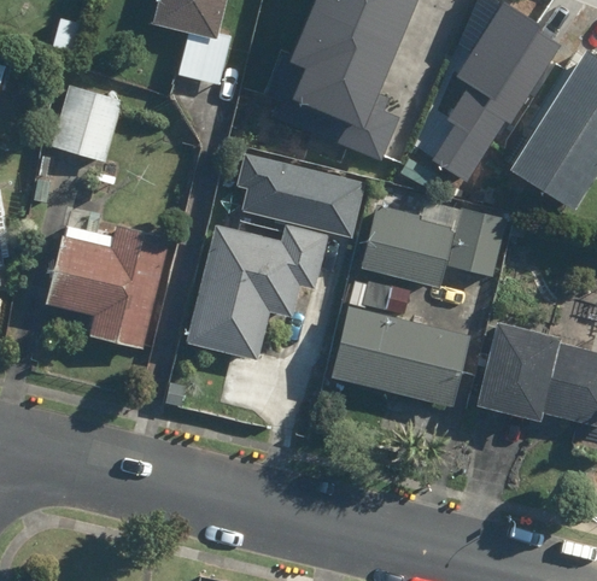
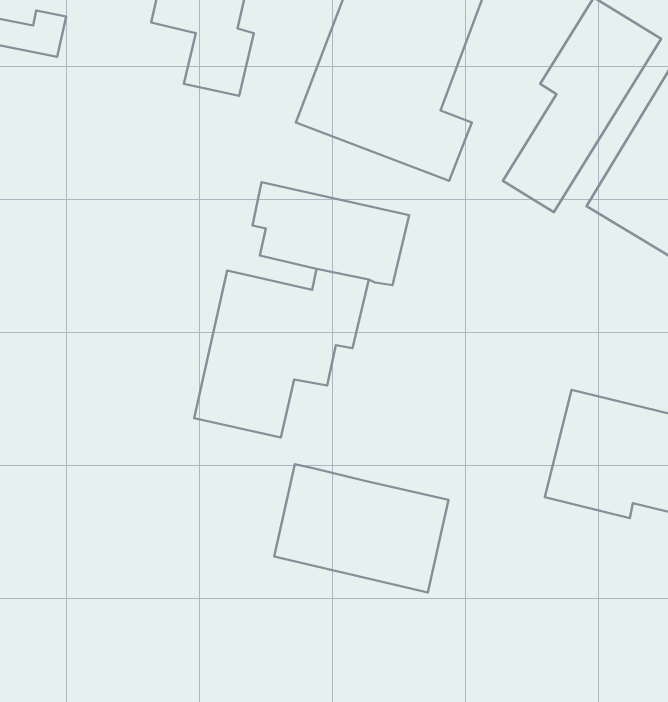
building: [53,89,124,162] -> none
building: [363,205,505,284] -> none
building: [42,223,171,351] -> none
building: [330,305,472,409] -> [274,464,449,592]

